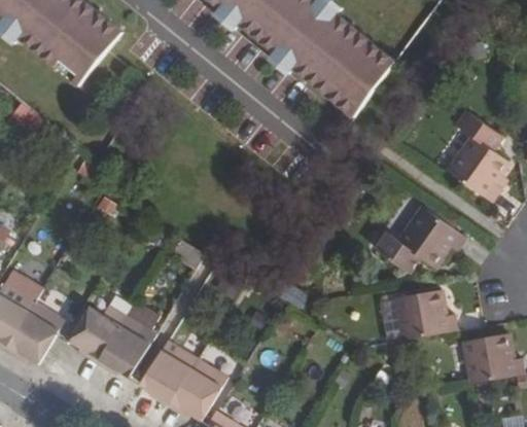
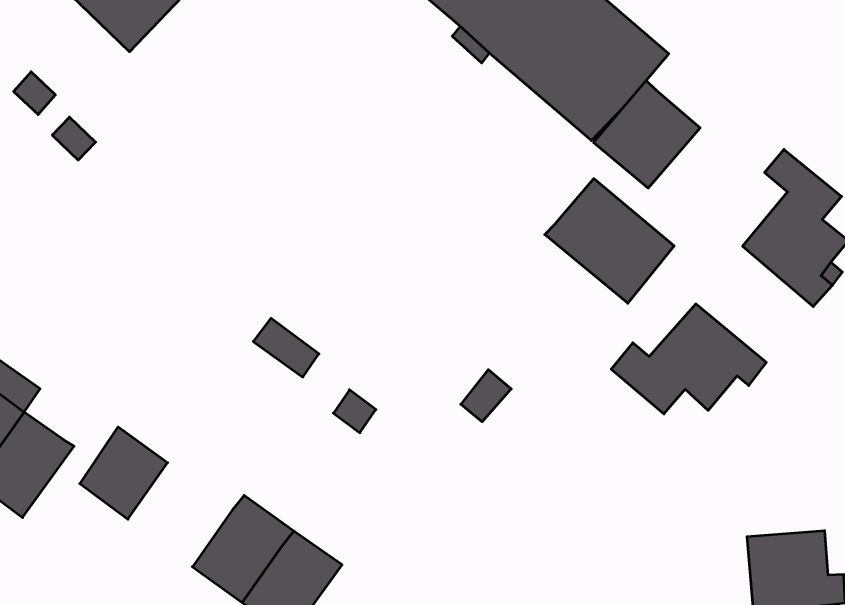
building: none -> [594,80,700,188]
building: none -> [545,179,674,303]
building: [396,287,457,337] -> none
building: [100,308,153,377] -> none

